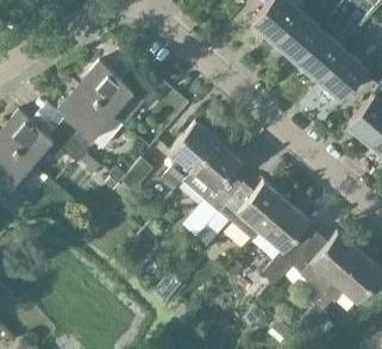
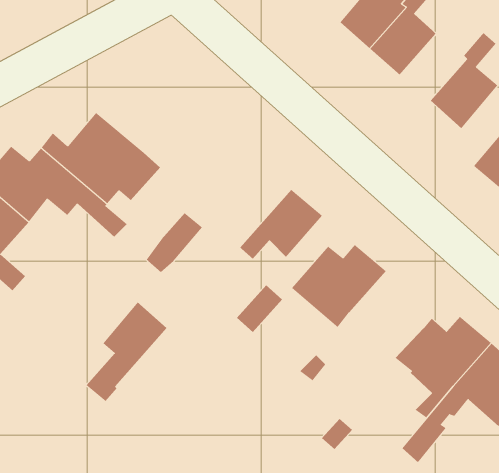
building: [295,13,343,80] -> none
building: [79,63,161,127] -> none
building: [159,124,218,195] -> [86,302,168,402]
building: [259,201,312,285] -> none

